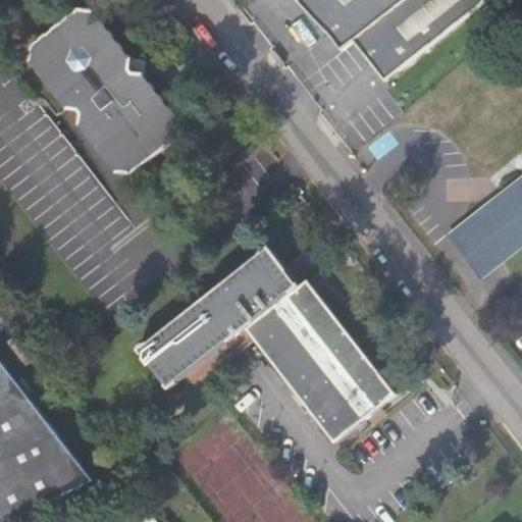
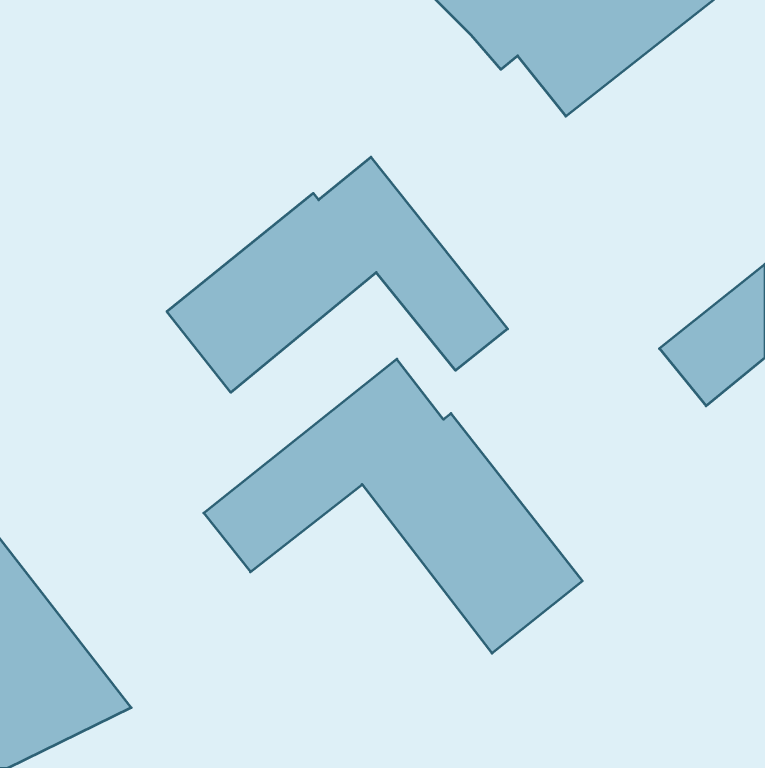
building: [31,7,176,171] -> none
building: none -> [167,157,508,392]

